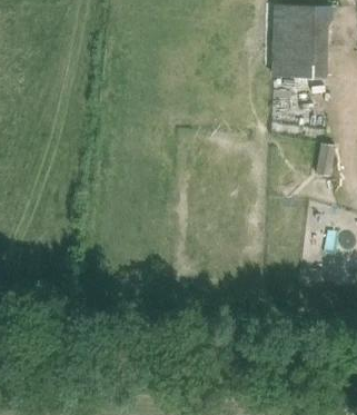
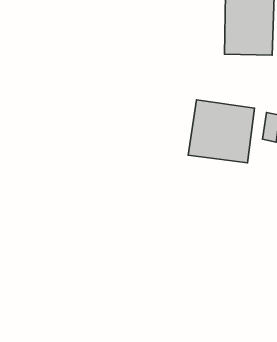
building: none -> [188,100,255,163]

